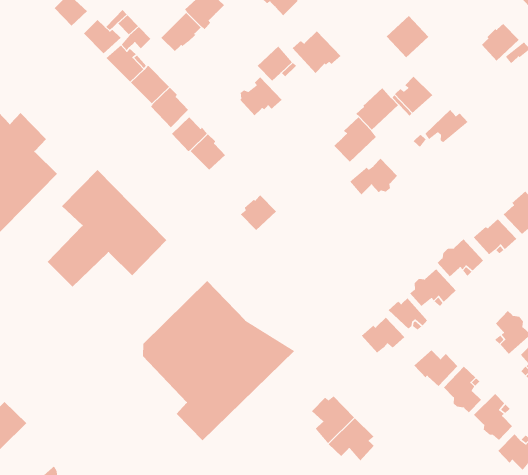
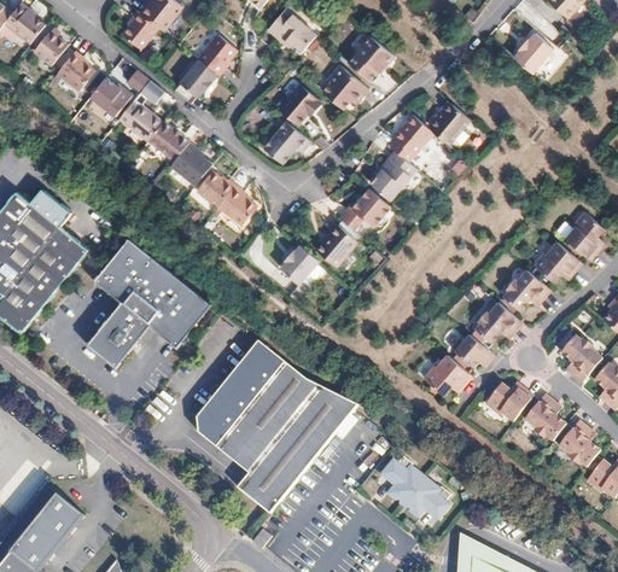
building: [386,15,429,58] -> [350,36,396,82]
building: [425,109,469,143] -> none
building: [349,158,398,196] -> [338,187,389,229]
building: none -> [315,223,357,265]

